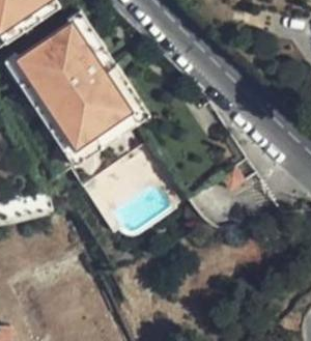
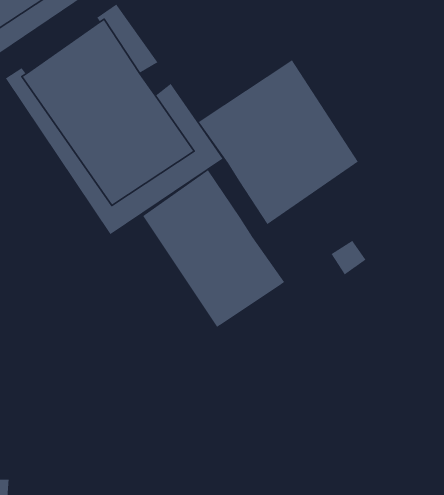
building: none -> [198,59,359,225]
building: none -> [142,169,285,328]

